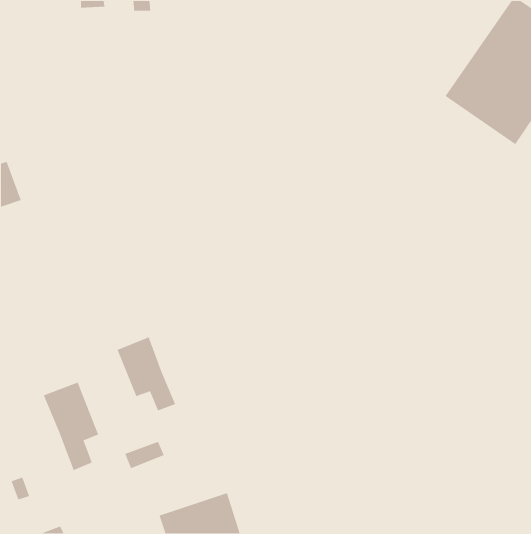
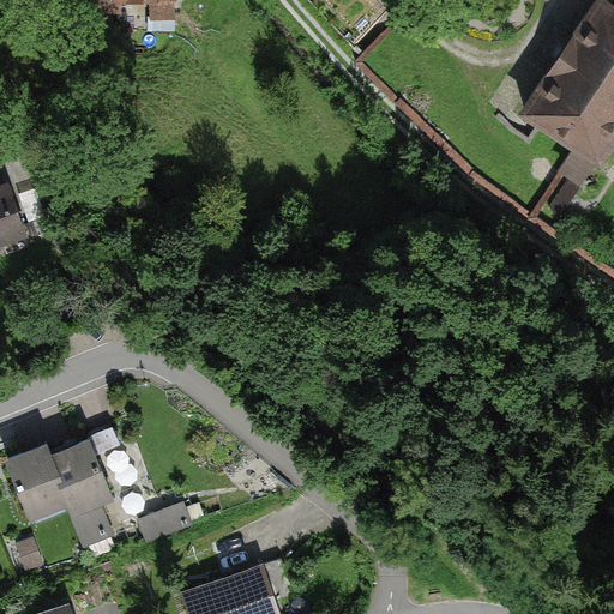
building: [117,336,176,412] -> none
building: none -> [10,441,70,512]

